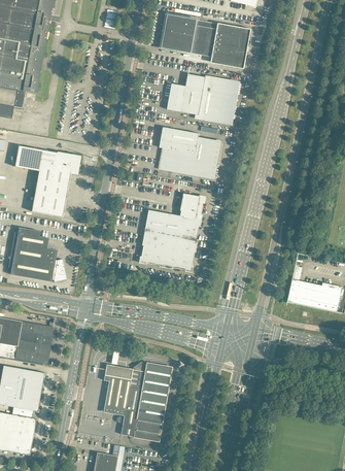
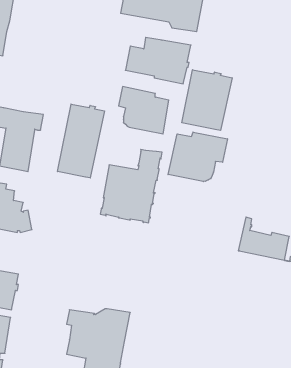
building: none -> [182,70,232,130]
building: none -> [58,104,104,178]
building: none -> [168,132,227,182]

